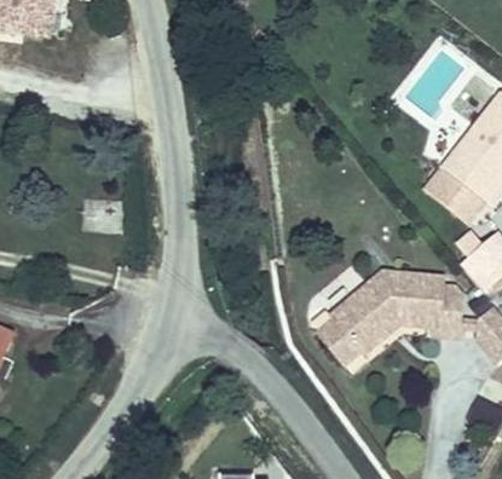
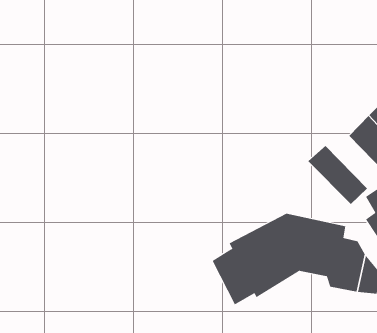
building: none -> [307,145,368,205]

